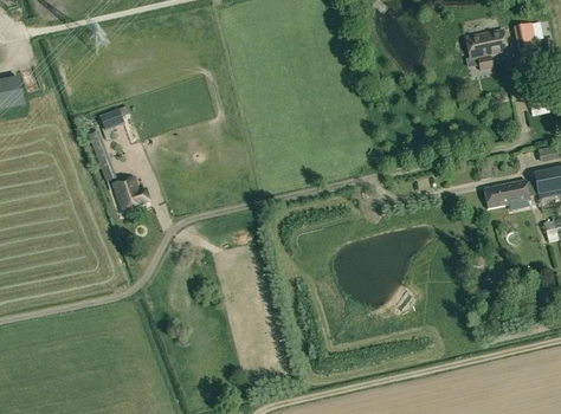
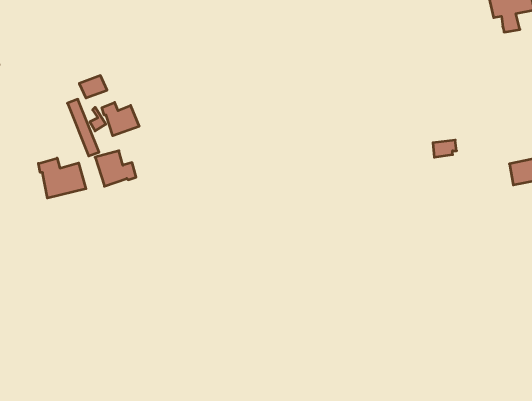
building: none -> [102,102,139,136]
building: none -> [38,158,86,198]

